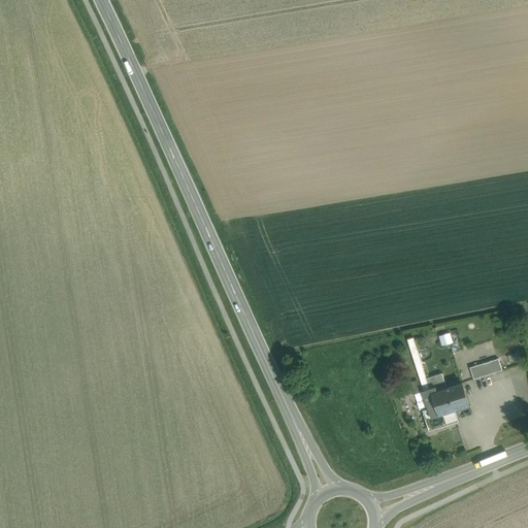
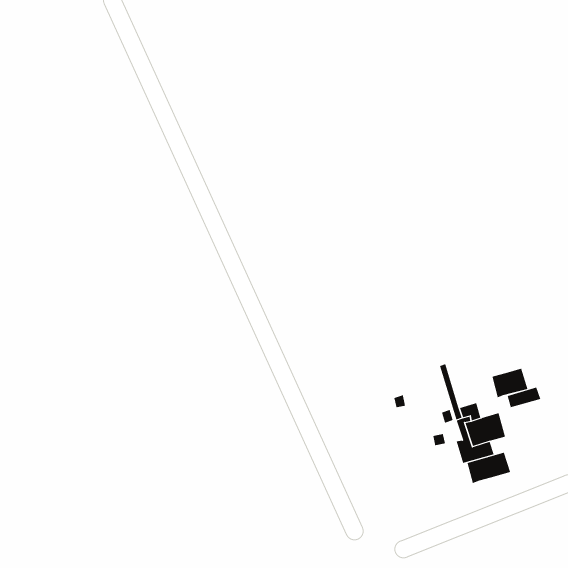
building: none -> [492,368,528,398]
building: none -> [467,452,511,484]

